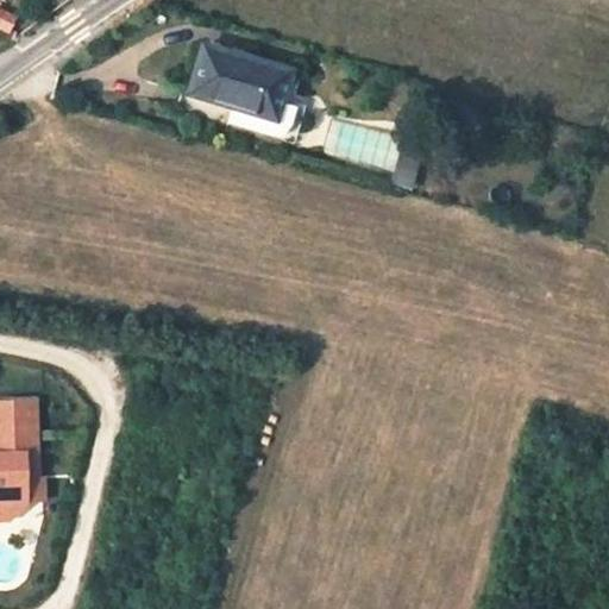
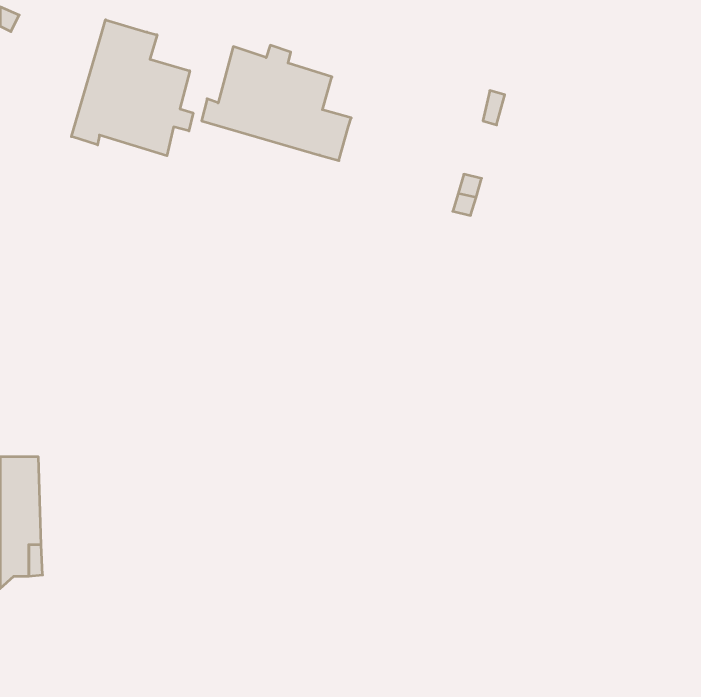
building: none -> [71,20,193,156]

